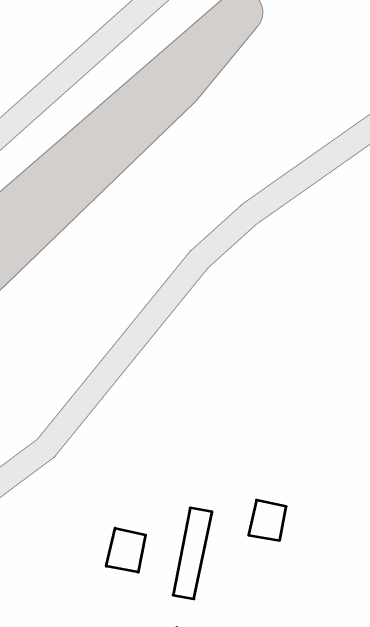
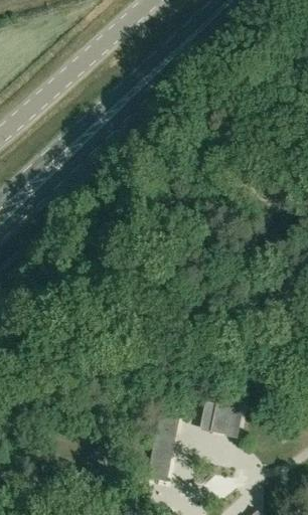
building: [106,528,146,572] -> none

